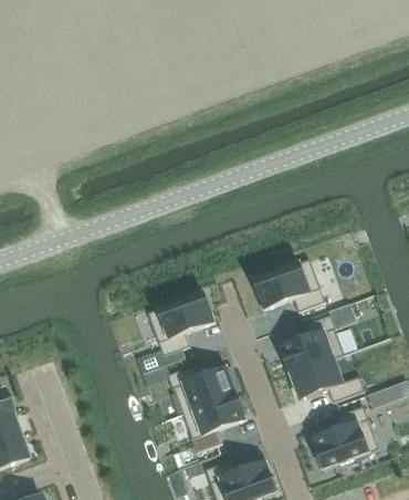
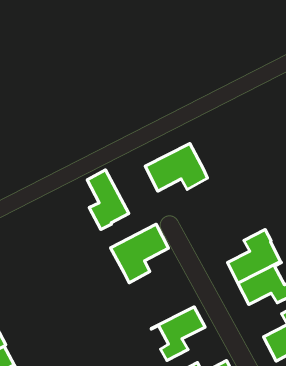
building: none -> [87,170,129,230]
building: [254,258,325,311] -> [145,144,208,191]
building: [168,363,237,412] -> none

